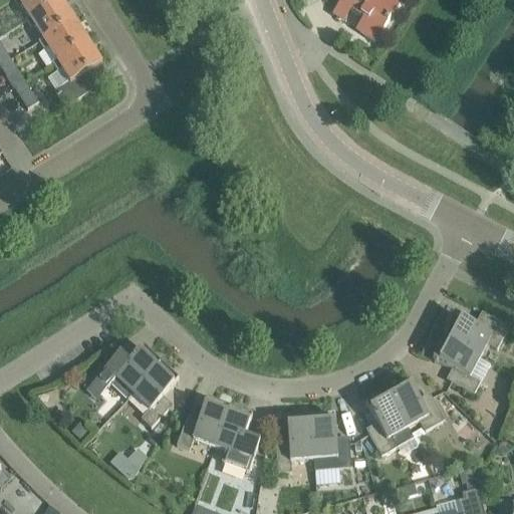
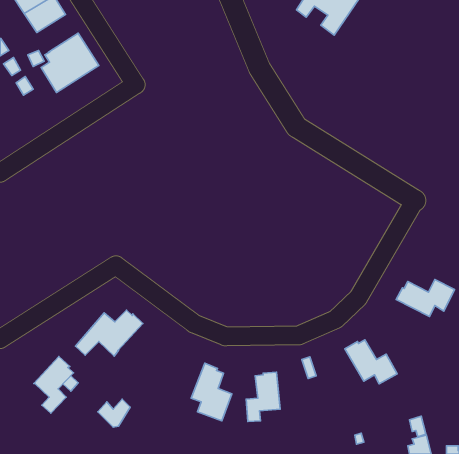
building: [36,16,87,58] -> none
building: [434,334,480,392] -> none
building: [132,361,176,425] -> [34,357,73,413]
building: [365,390,407,454] -> none
building: [176,400,229,448] -> none
building: [309,415,350,468] -> none

